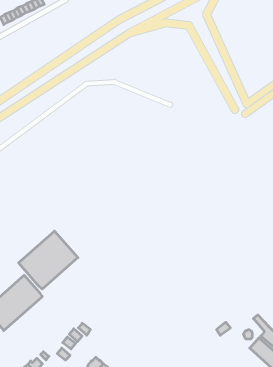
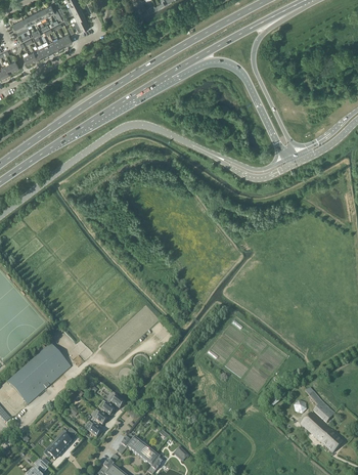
building: [19,231,78,289] -> none

